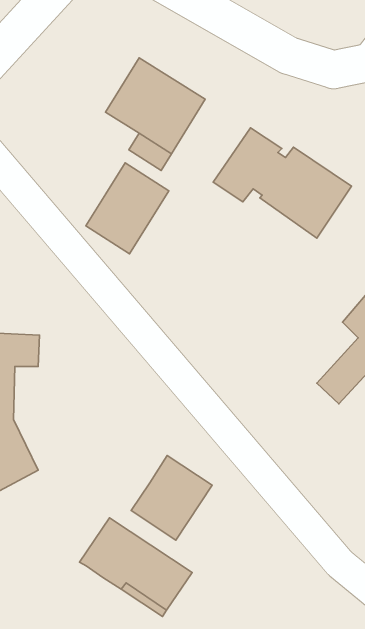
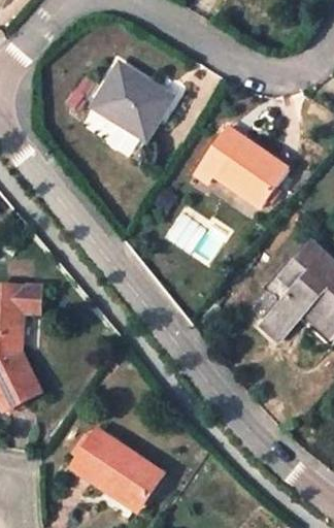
building: [86,163,169,254] -> none
building: [131,456,212,540] -> none

